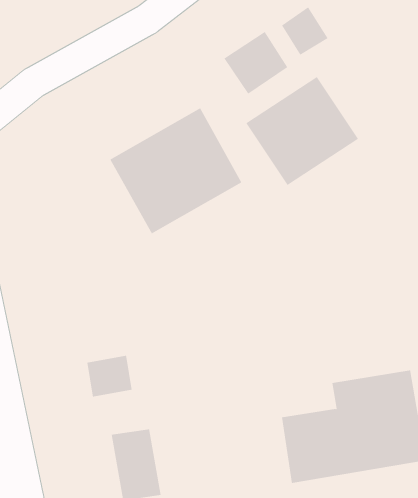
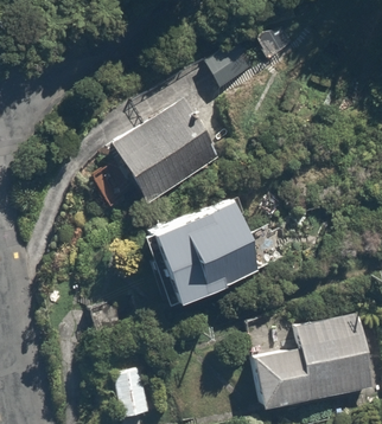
building: [245,76,359,186] -> none
building: none -> [147,195,266,304]

